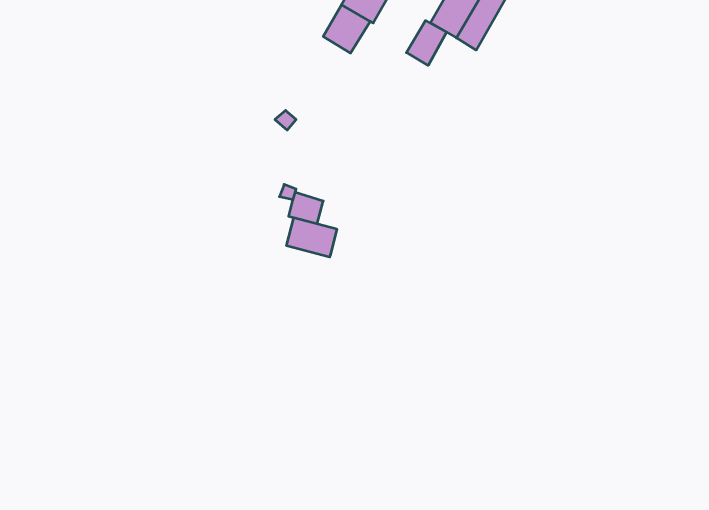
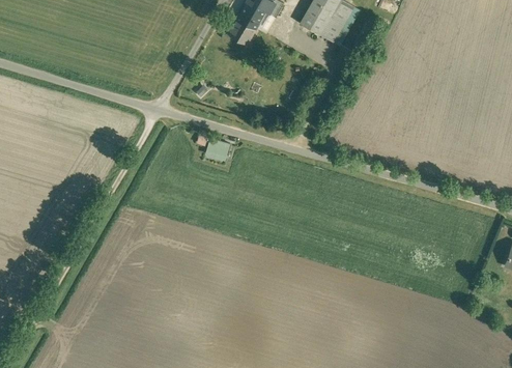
building: [406,21,447,65] -> none
building: [287,218,337,257] -> none

